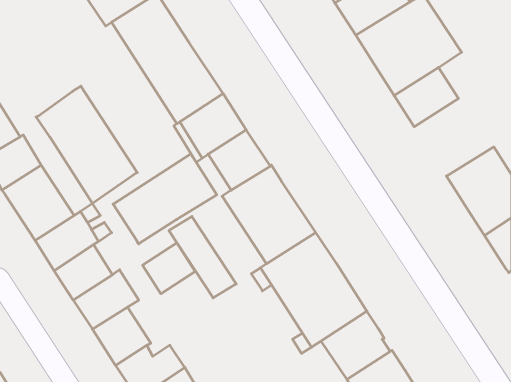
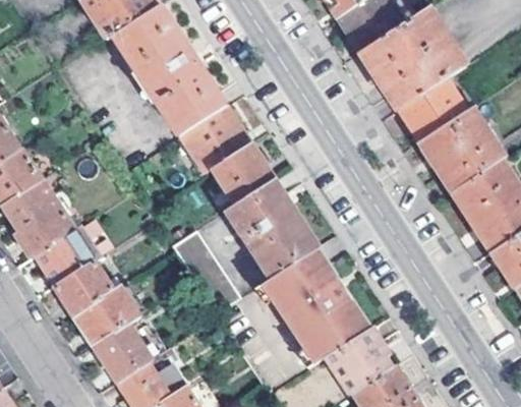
building: [36,86,137,203] -> none
building: none -> [419,109,505,191]
building: [113,154,217,244] -> none
building: [143,243,195,294] -> none

